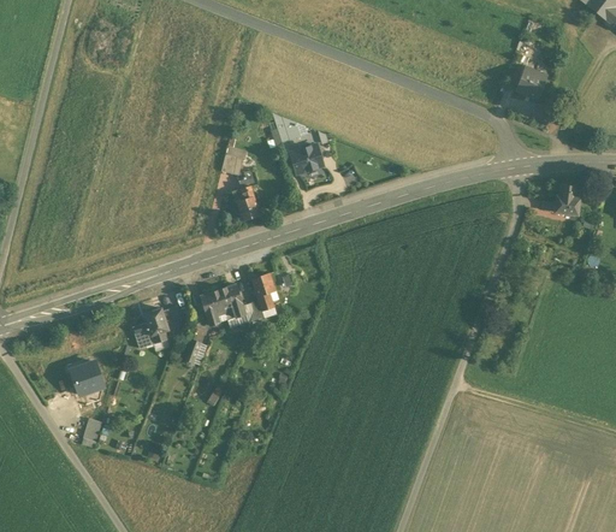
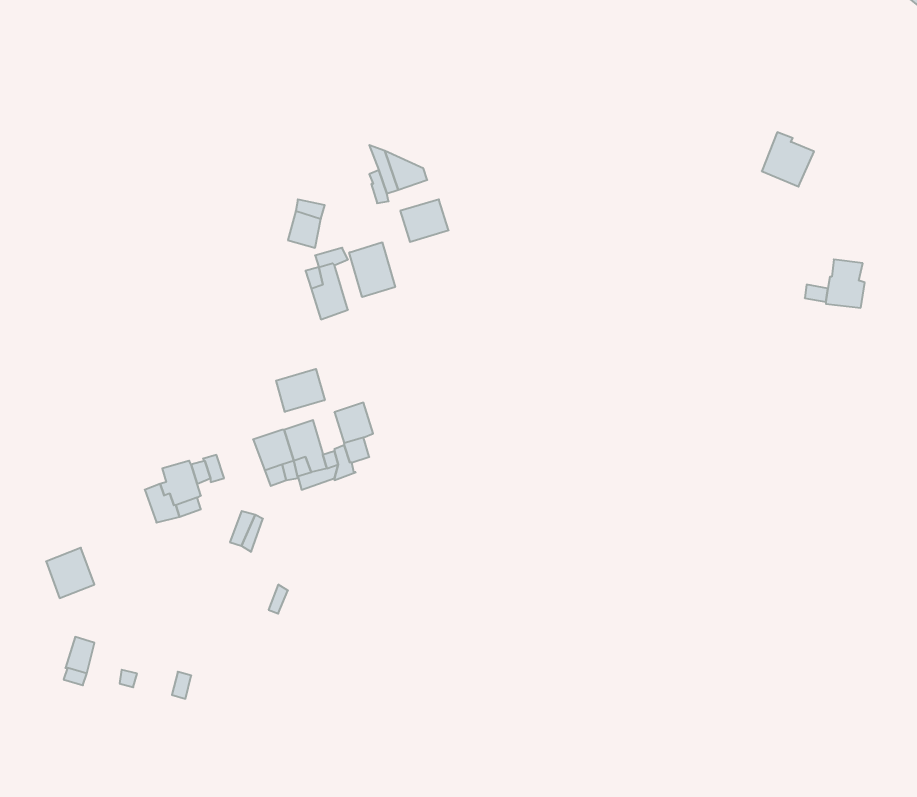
building: [515,64,547,97] -> [762,132,814,187]
building: none -> [349,242,395,297]
building: none -> [276,369,325,412]

